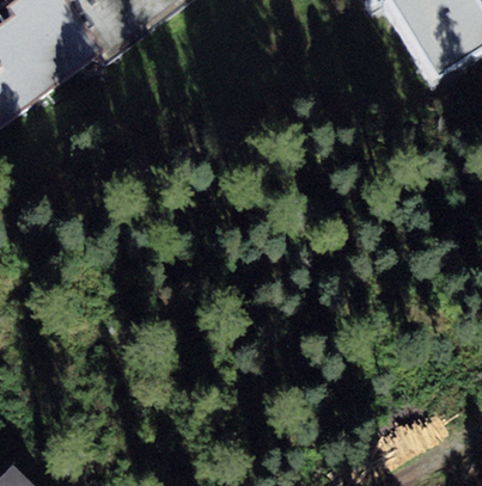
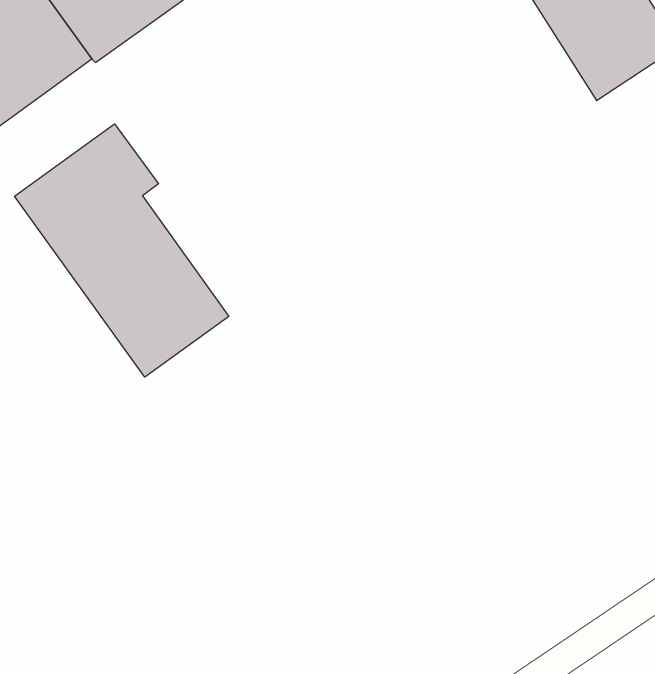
building: none -> [15,124,229,377]

